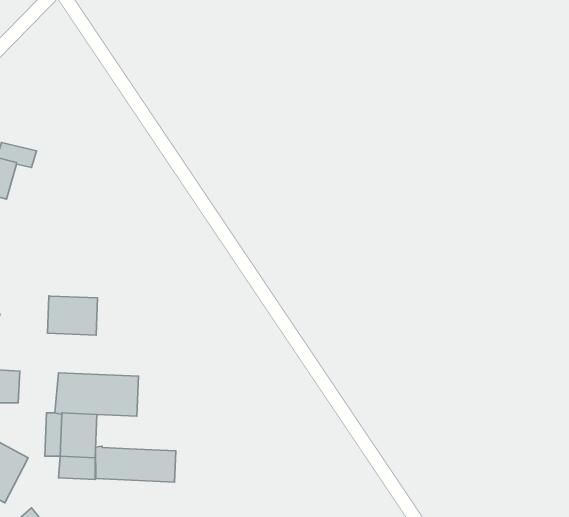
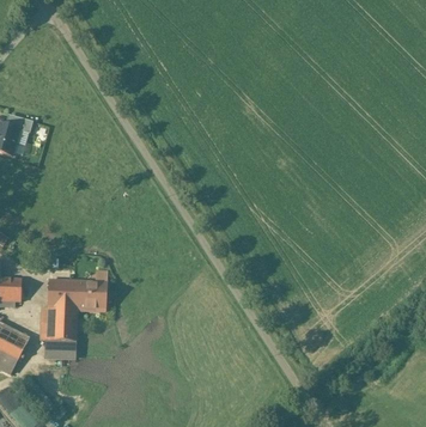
building: [48,296,97,335] -> none
building: [95,446,176,482] -> none

